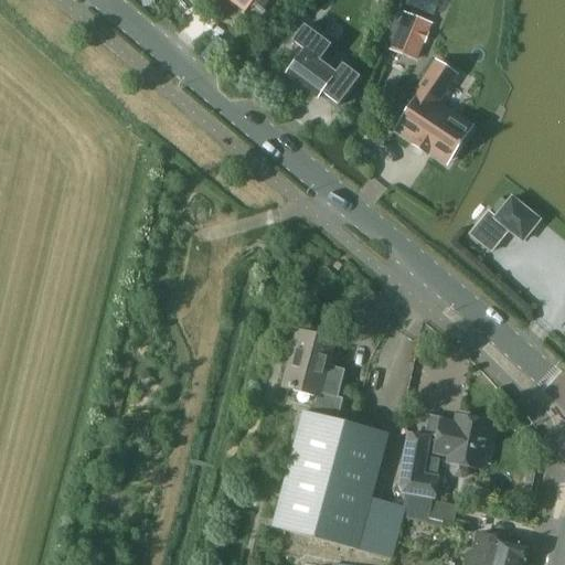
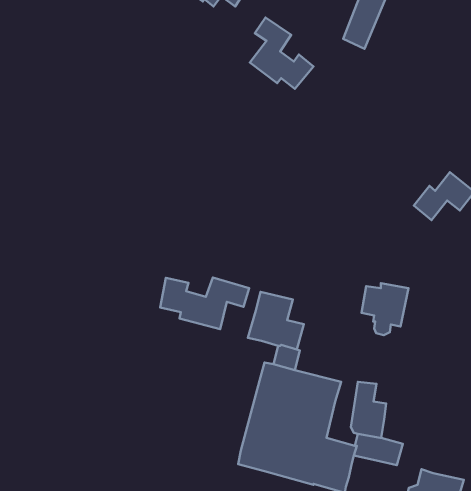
building: [394,63,470,162] -> none
building: none -> [160,277,249,329]
building: [435,416,488,475] -> [361,283,408,335]

